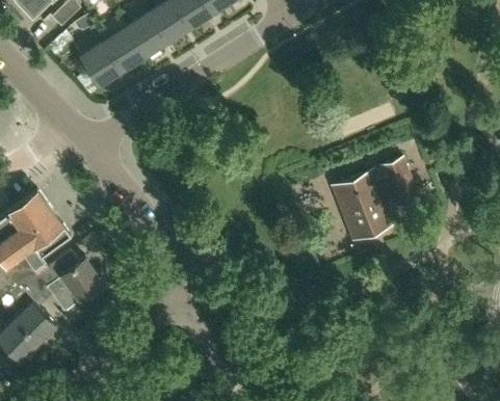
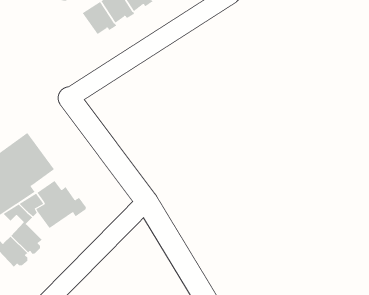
building: [80,46,124,88] -> none
building: [331,160,413,241] -> none

